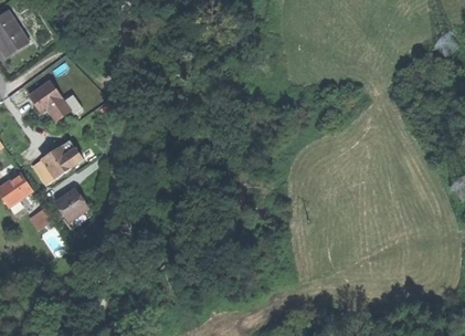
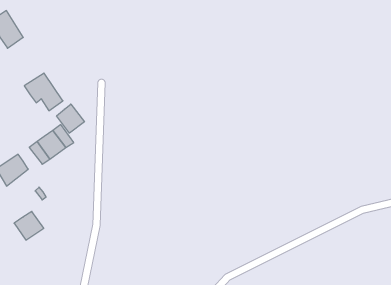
building: none -> [57,104,84,133]
building: [54,188,87,220] -> [14,211,44,240]

